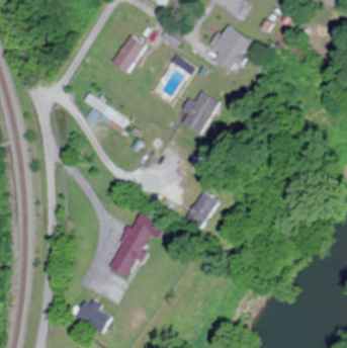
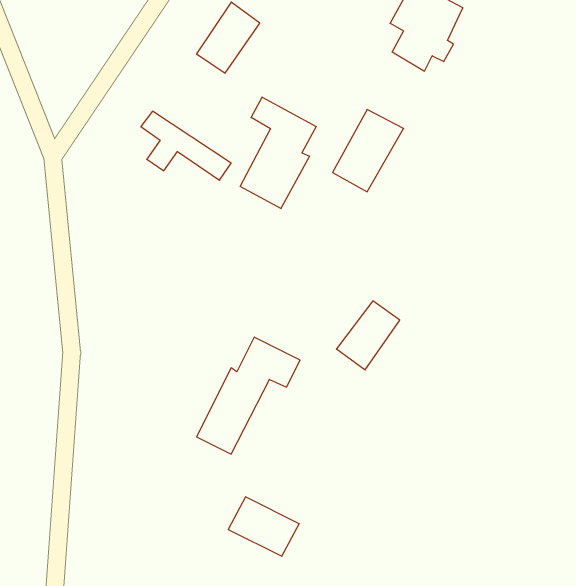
building: none -> [240,97,316,209]
building: [74,302,111,334] -> [228,497,299,556]

